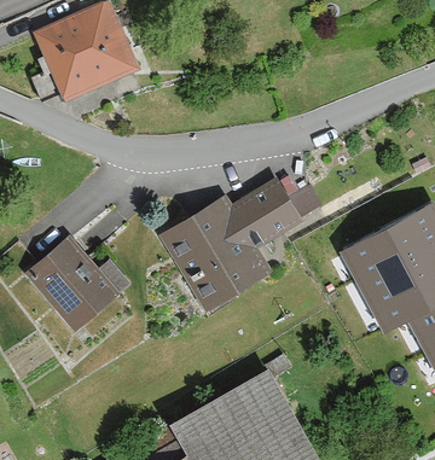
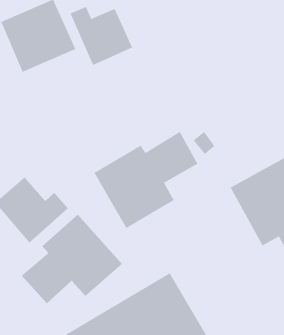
building: none -> [70,6,133,66]
building: none -> [21,214,123,304]

